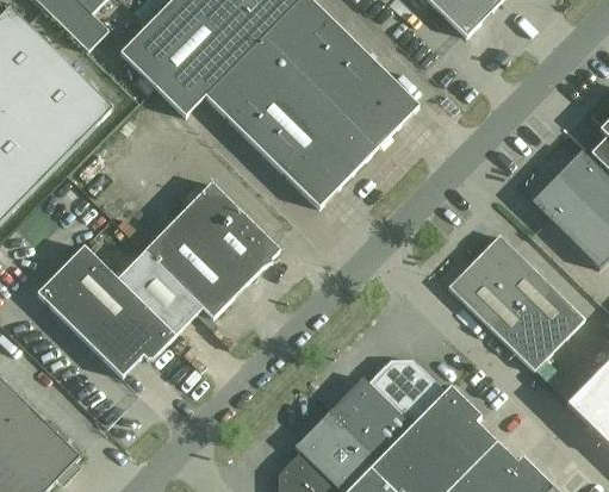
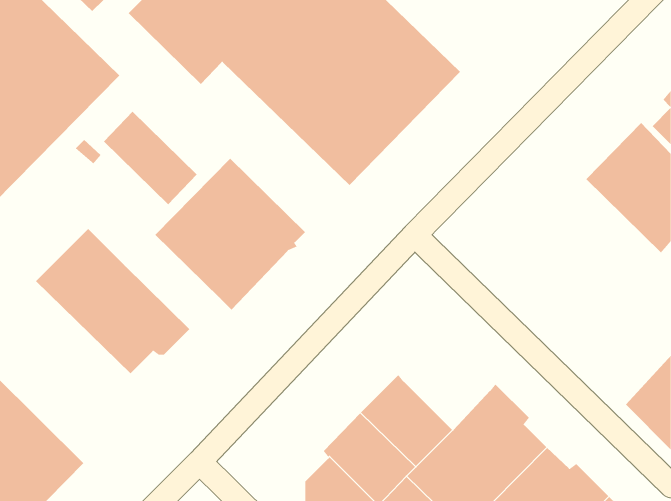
building: [447,233,584,369] -> none
building: [117,250,201,335] -> [103,111,197,205]
building: [367,359,445,425] -> none

